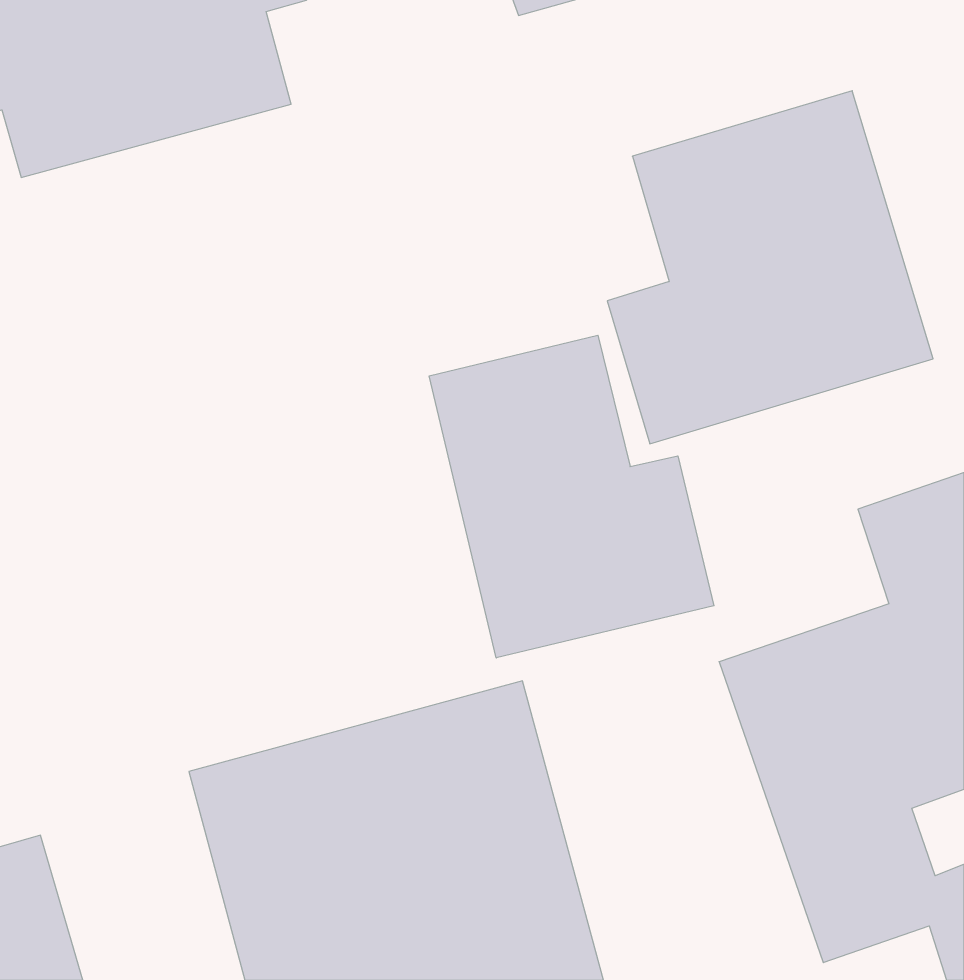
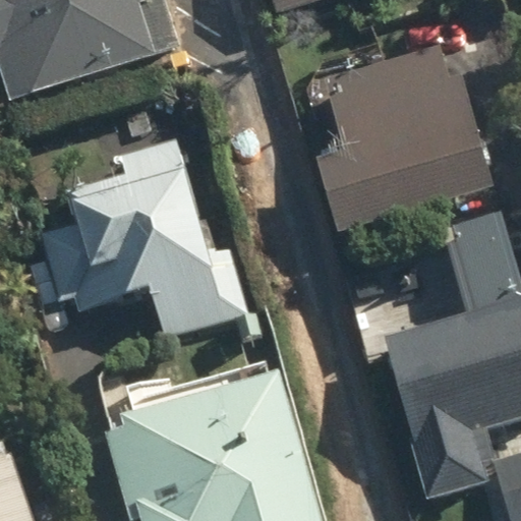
building: none -> [60,142,226,336]
building: [429,335,714,658] -> none

